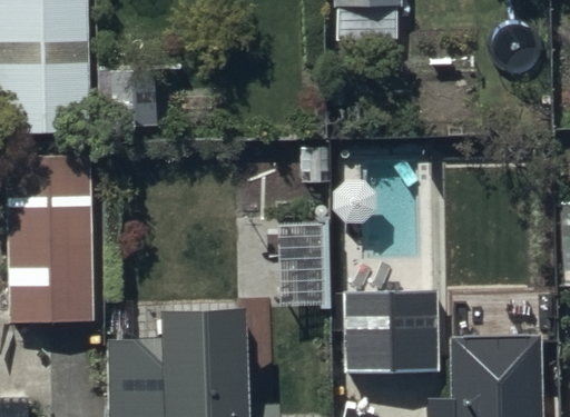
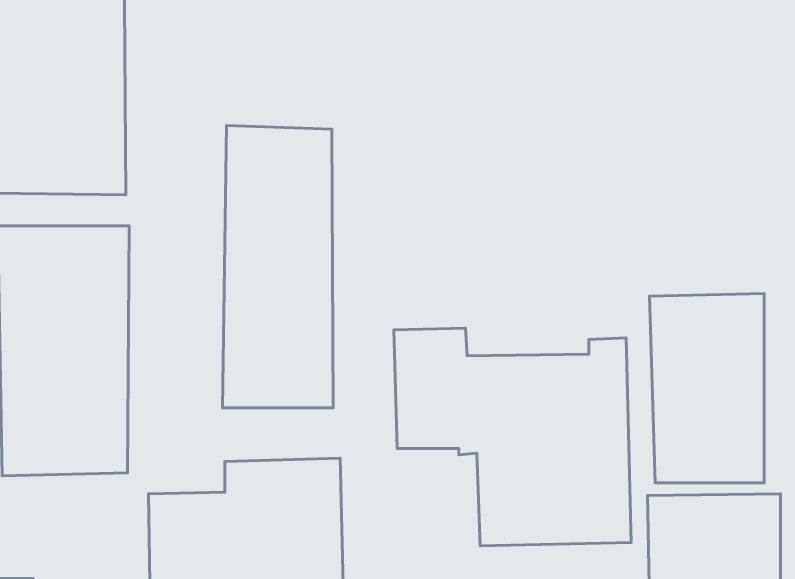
building: none -> [223,126,333,408]
building: none -> [649,294,764,483]

